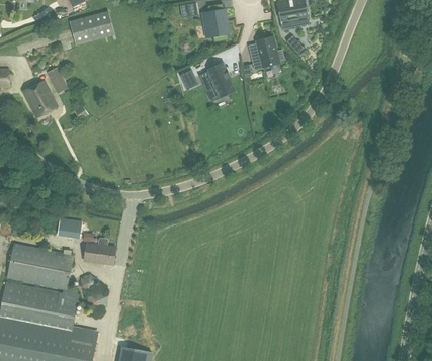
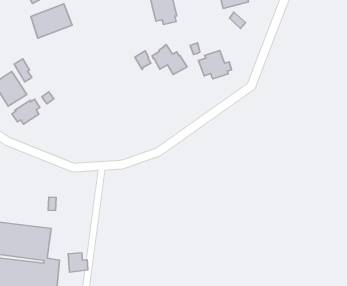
building: [248,36,283,67] -> [198,50,232,79]
building: none -> [12,99,40,124]
building: [84,242,114,264] -> none

